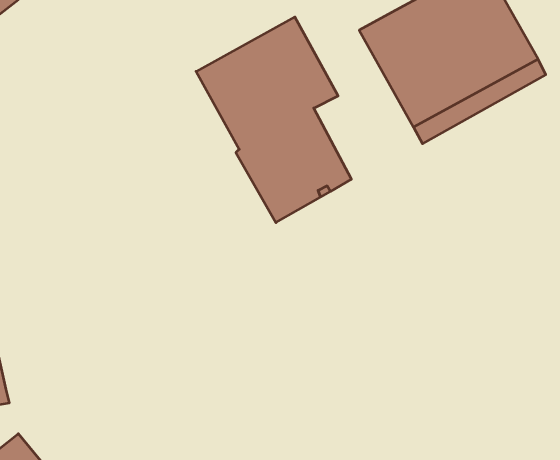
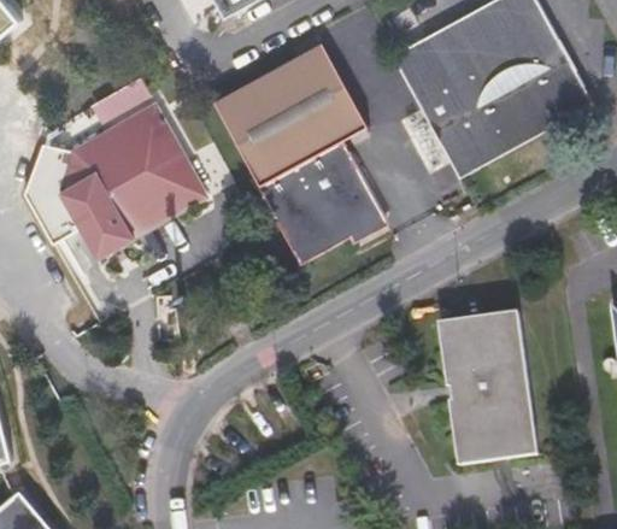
building: none -> [58,100,202,257]
building: none -> [439,312,536,465]

